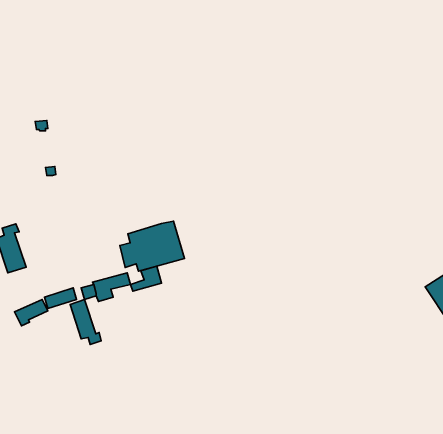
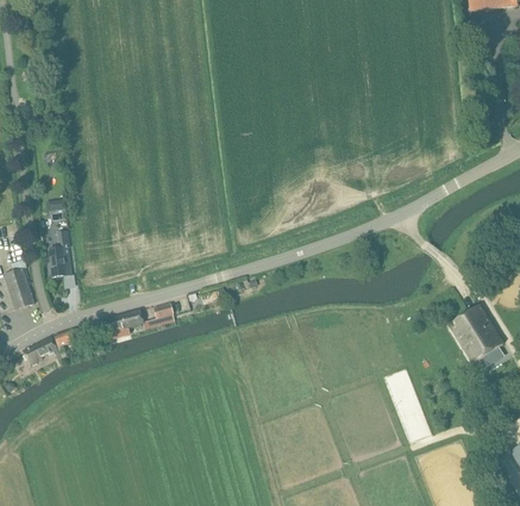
building: none -> [49,231,71,277]
building: [120,221,184,271] -> none
building: [70,299,101,344] -> none

